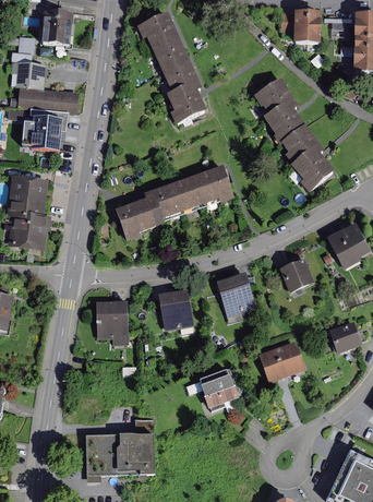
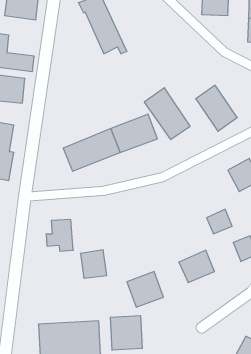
building: [163,79,198,121] -> none
building: [251,79,310,145] -> [144,88,190,140]
building: [277,256,310,288] -> [207,209,232,234]
building: [215,276,250,313] -> none
building: [156,291,190,327] -> [80,250,107,278]
building: none -> [110,316,142,350]

